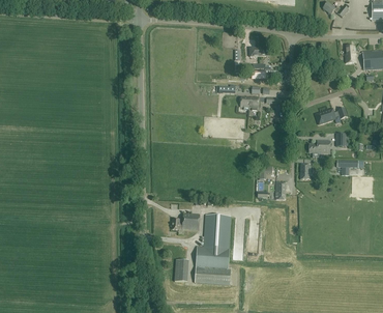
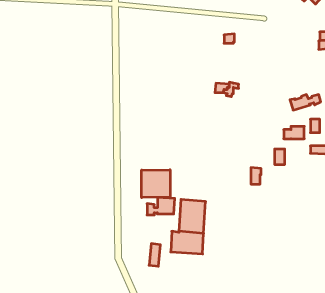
building: none -> [142,170,170,198]
building: [195,266,230,284] -> none

